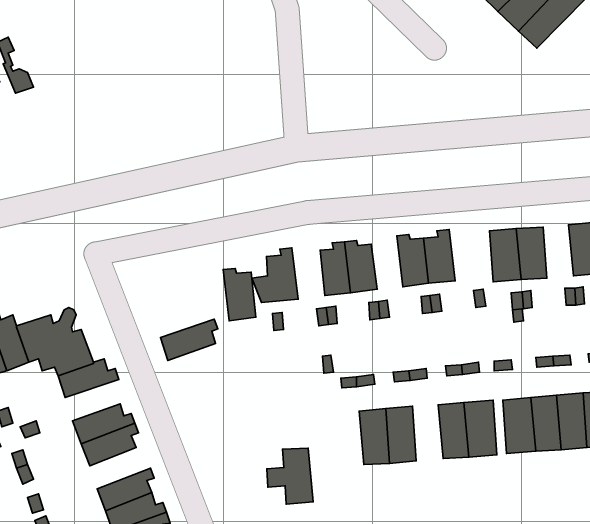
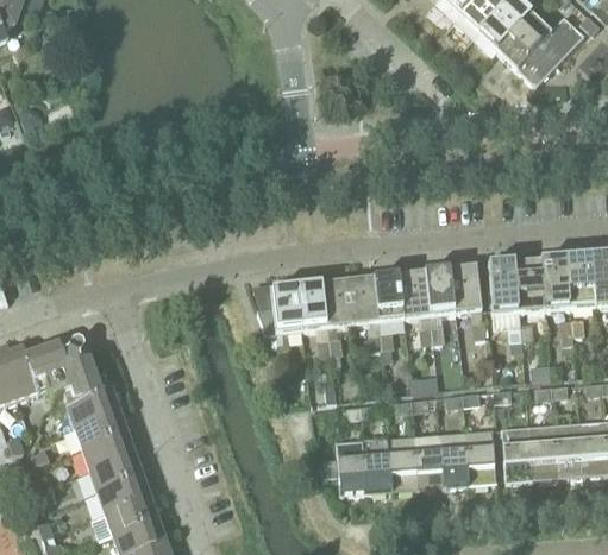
building: none -> [540,257,570,309]
building: none -> [449,260,481,311]
building: none -> [372,267,403,320]
building: [223,268,256,321] -> [295,278,327,329]
building: [161,319,218,361] -> [74,408,130,448]
building: none -> [413,433,443,487]
building: none -> [98,474,157,515]
building: [267,448,313,504] -> [320,439,365,493]

